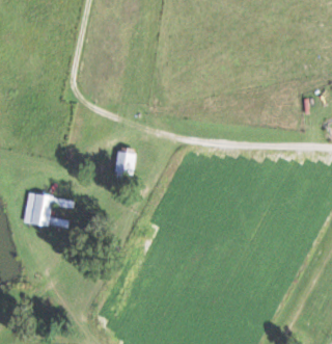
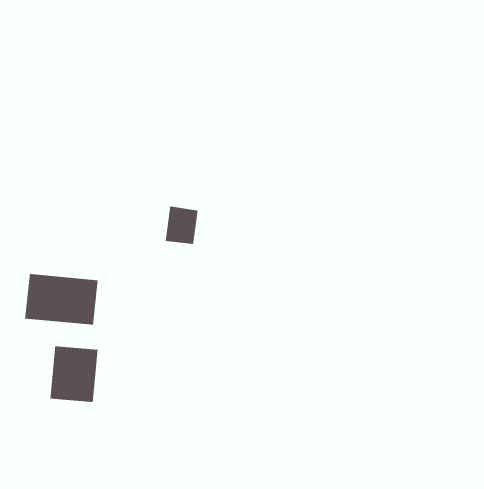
building: none -> [50,346,98,403]

